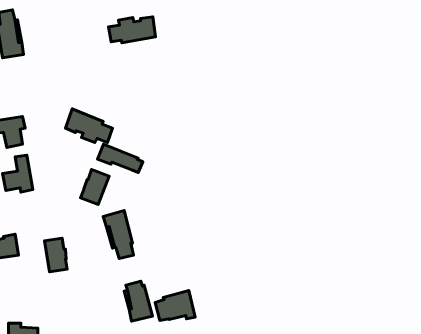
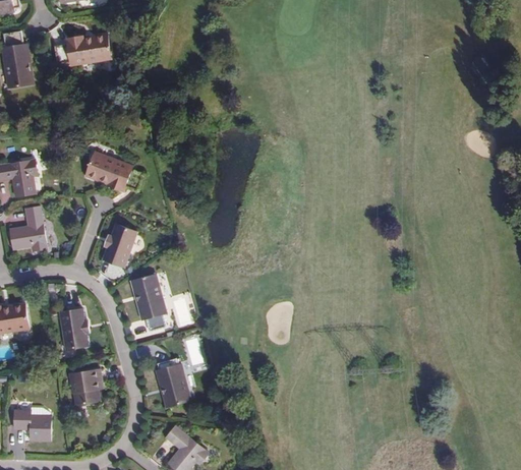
building: [109,17,155,43] -> [55,35,112,66]
building: [98,144,143,173] -> none
building: none -> [70,369,103,405]
building: [155,291,195,320] -> none

